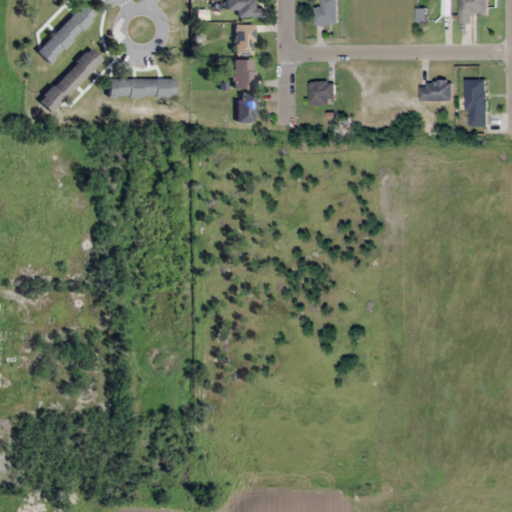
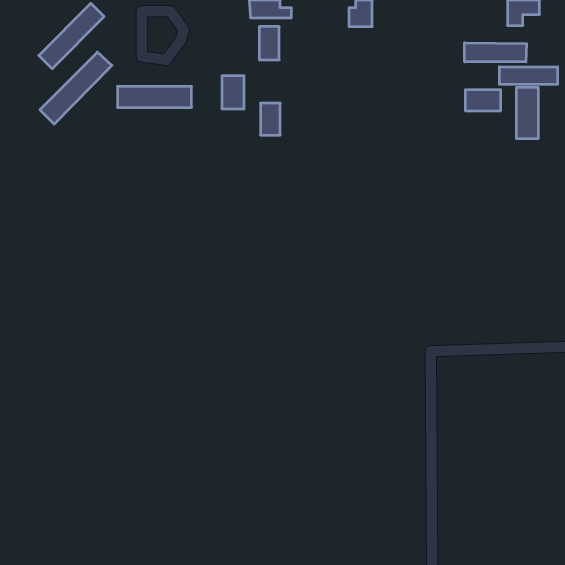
building: none -> [465,43,527,62]
building: [233,59,253,89] -> [222,76,244,109]
building: none -> [499,67,558,84]
building: [310,83,336,104] -> none

